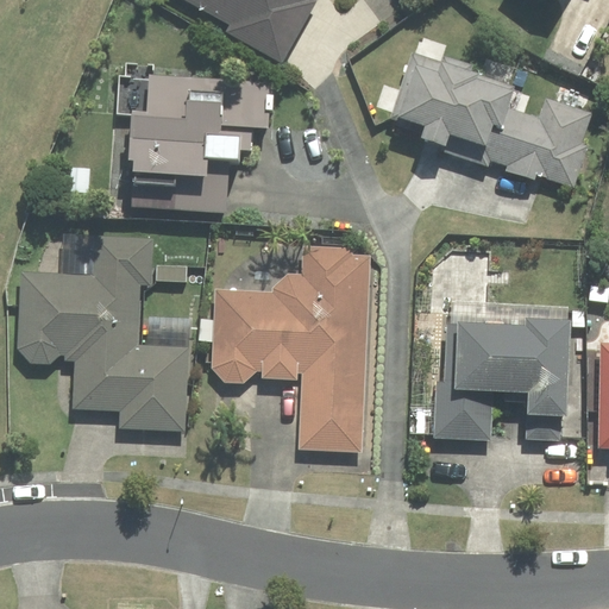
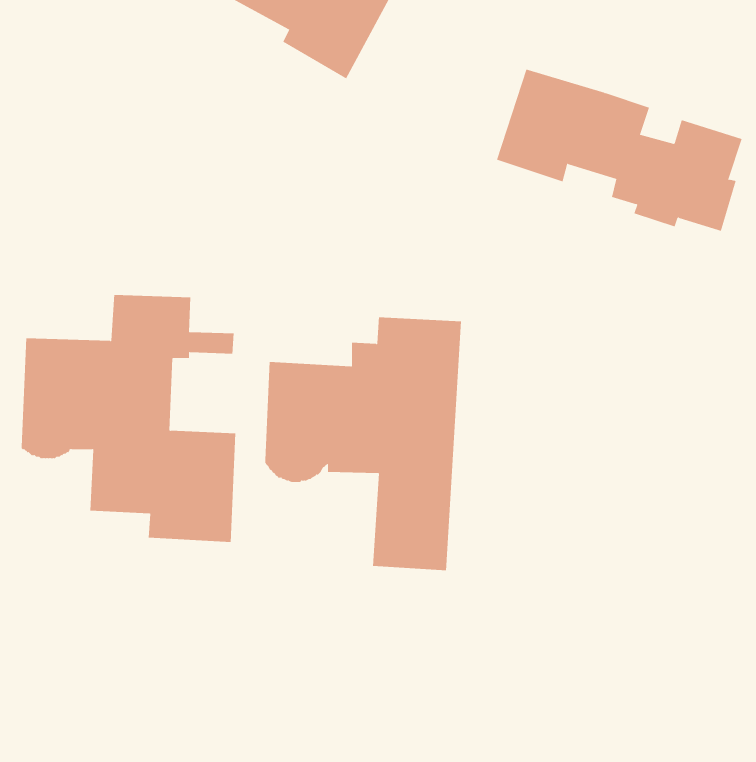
building: [119,79,271,211] -> none
building: [428,318,576,444] -> none

